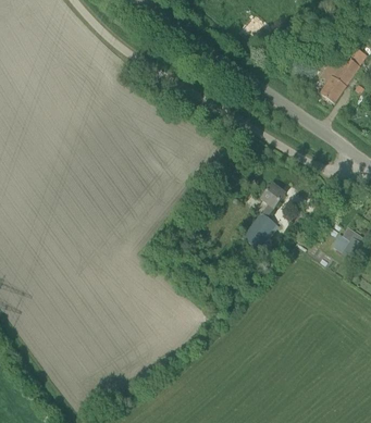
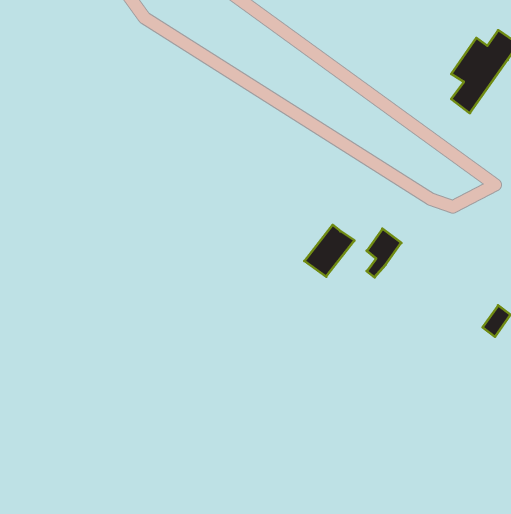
building: [242,212,276,248] -> [304,225,354,277]

